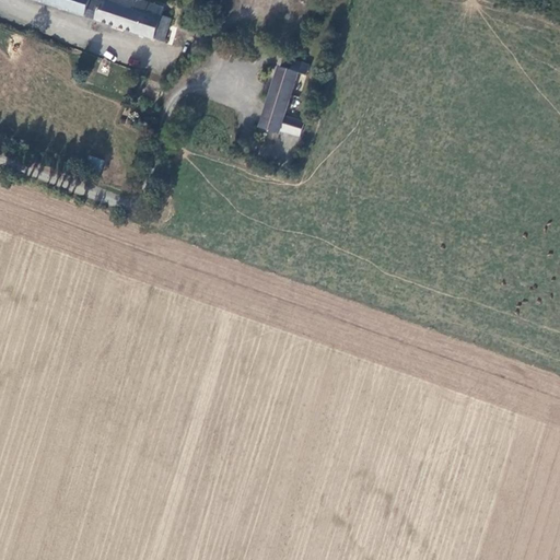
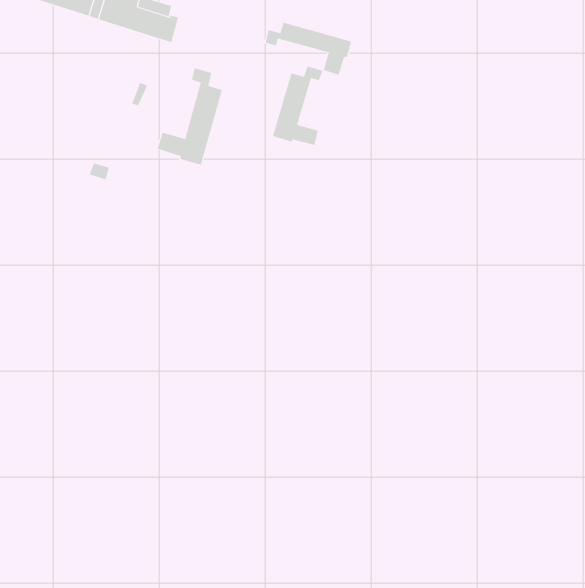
building: none -> [265,22,352,76]
building: none -> [157,68,223,165]

